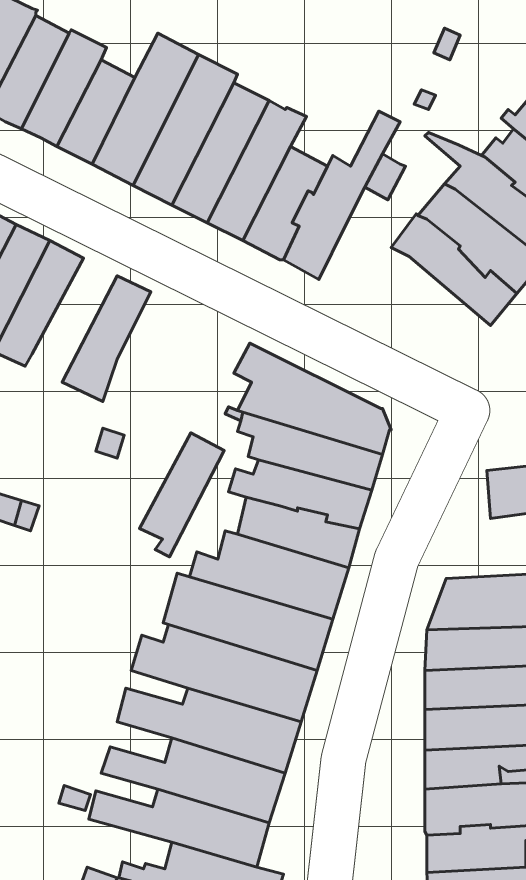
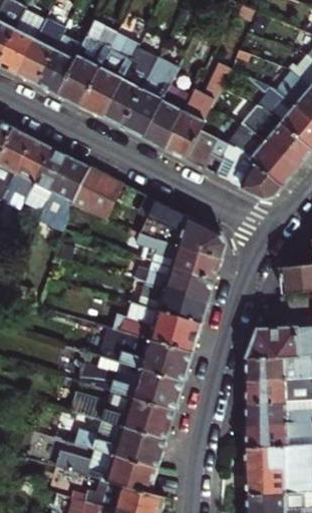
building: none -> [186,129,283,199]
building: none -> [71,166,123,219]
building: [139,433,224,557] -> [23,147,71,217]

